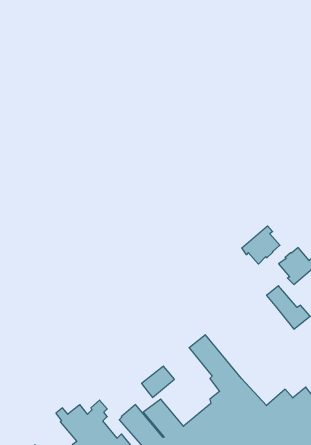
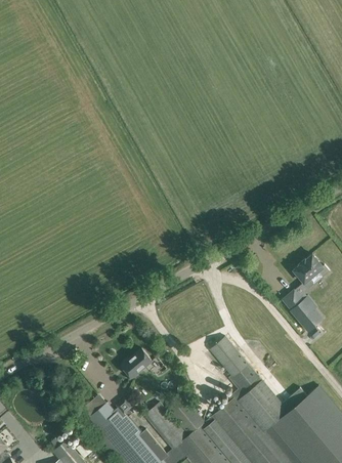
building: [242,226,280,264] -> none
building: [142,366,174,398] -> [122,349,153,379]

